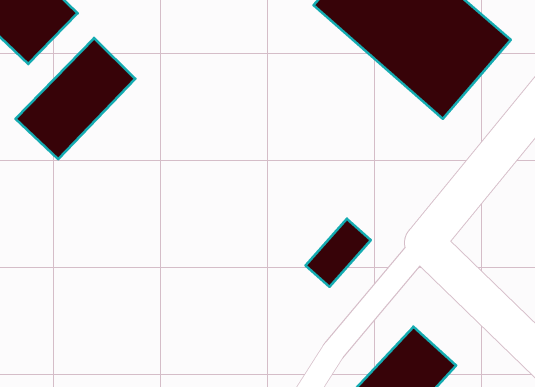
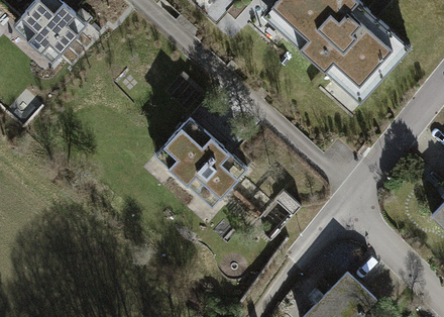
building: [16,38,135,159] -> none
building: none -> [151,118,247,213]

